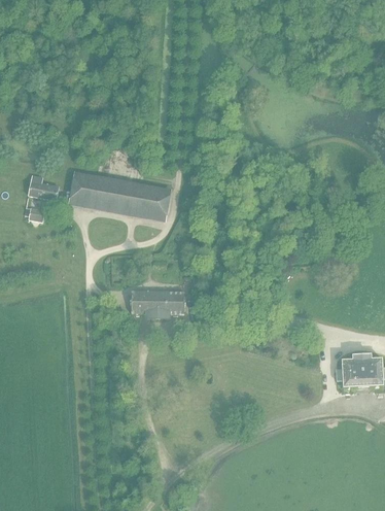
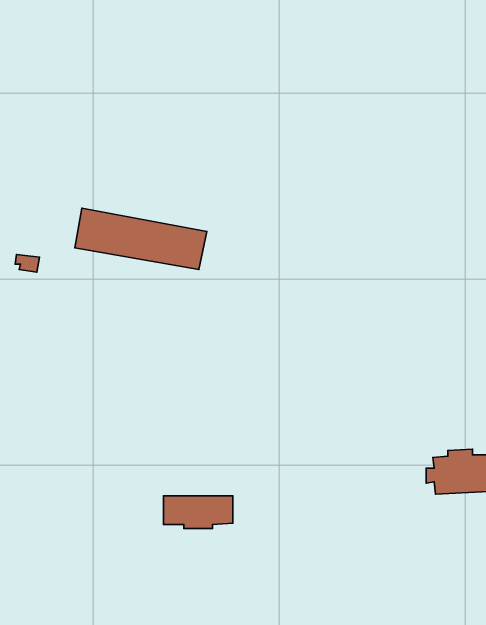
building: [28,174,59,199] -> none
building: [131,292,183,316] -> [163,496,233,529]

